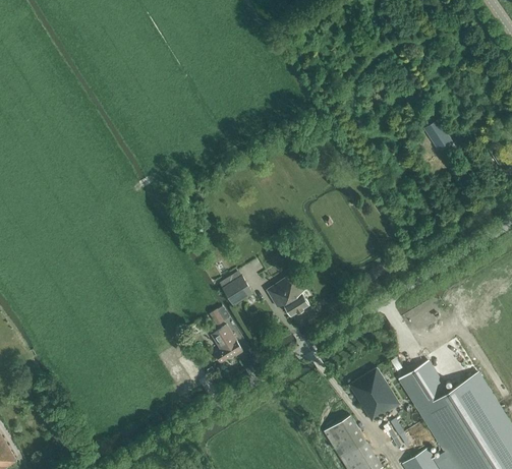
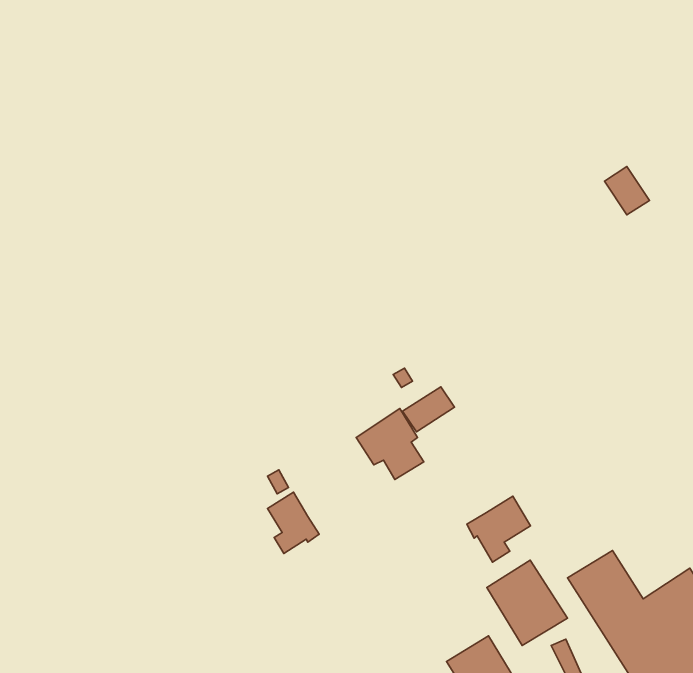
building: none -> [403,387,455,432]
building: [222,275,253,306] -> none
building: none -> [467,496,530,562]

